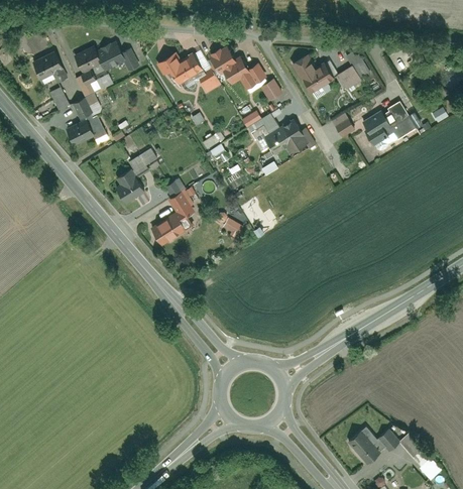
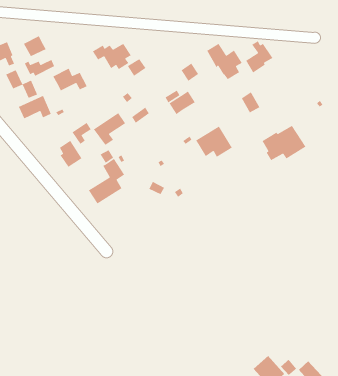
building: [97,43,139,72] -> [52,68,88,92]
building: [209,46,265,90] -> none
building: [362,102,416,145] -> [261,125,307,161]
building: [263,117,308,155] -> [195,126,233,158]
building: none -> [93,112,126,146]

